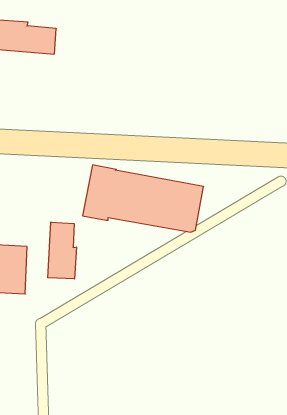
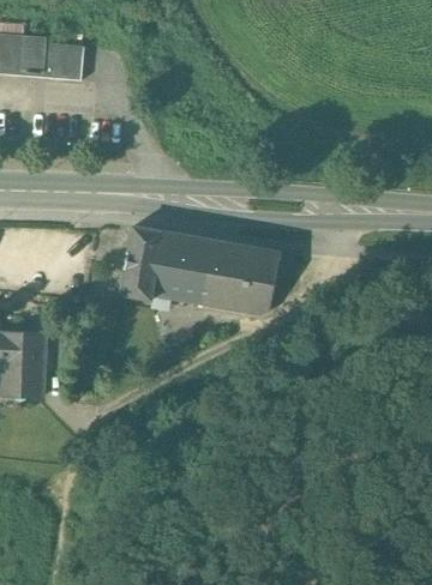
building: [48,222,76,279] -> none

